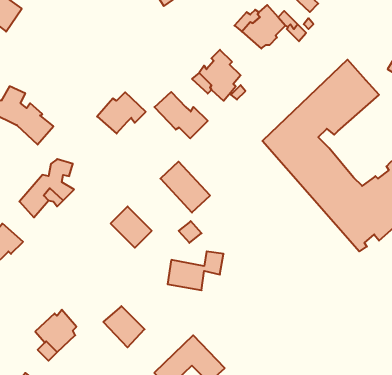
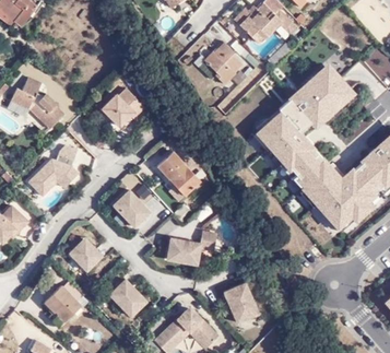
building: [154,92,208,138] -> none
building: none -> [71,237,105,270]
building: none -> [224,282,259,322]

